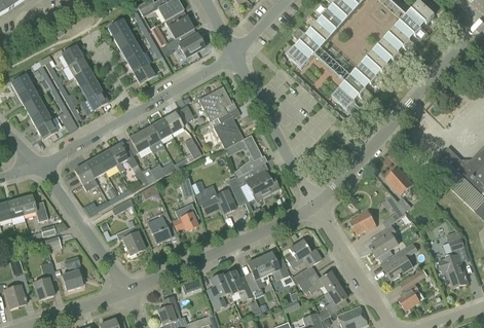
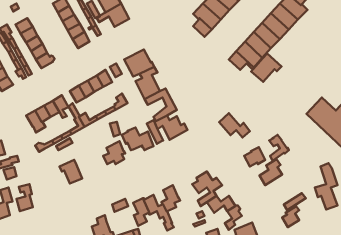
building: none -> [251,54,281,82]
building: [386,167,425,197] -> [219,113,250,138]
building: [147,210,175,243] -> none
building: [384,243,419,281] -> none
building: [260,252,289,280] -> none

